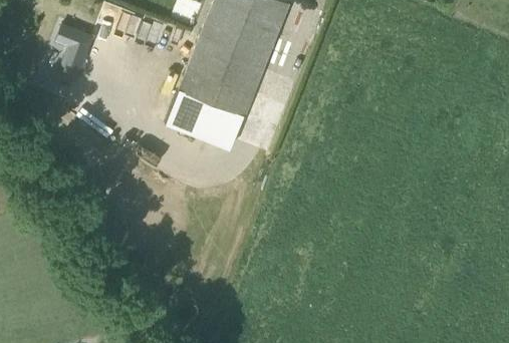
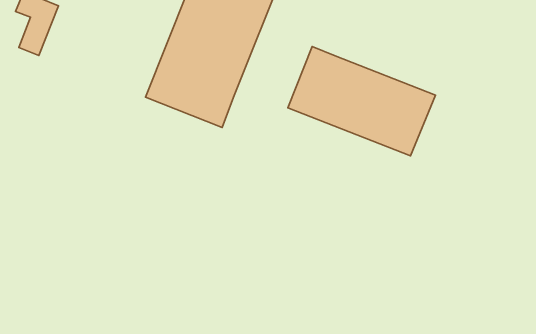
building: none -> [288,47,436,156]

